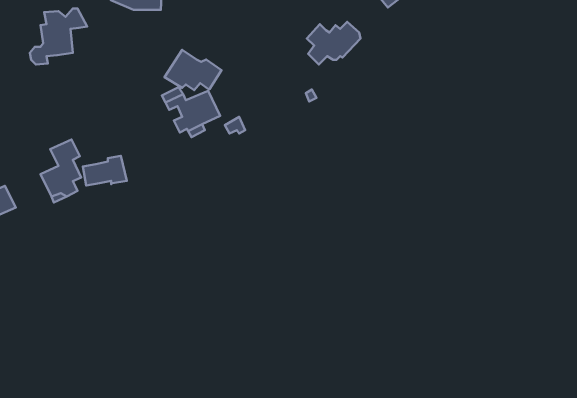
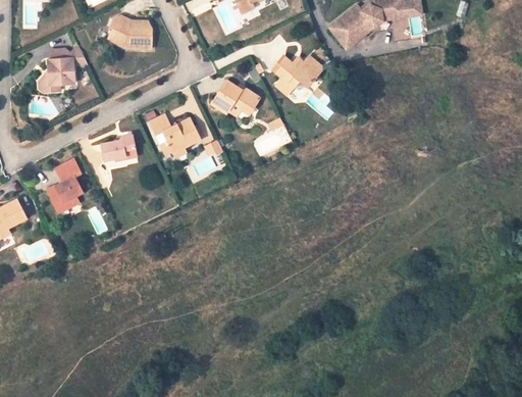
building: [164,50,221,90] -> [211,82,260,116]
building: [83,156,127,185] -> [100,136,138,161]

